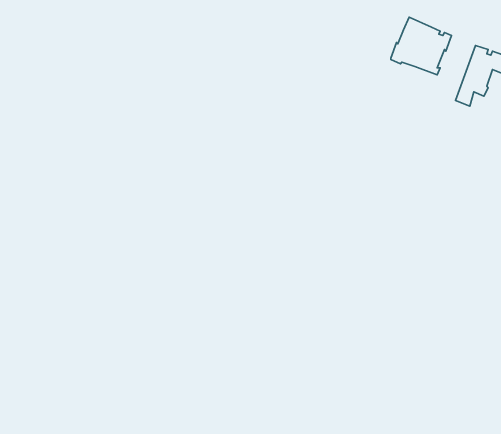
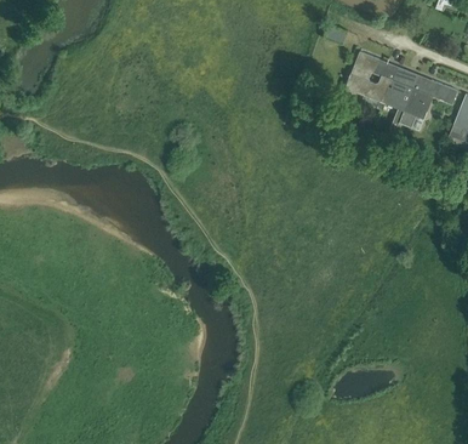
building: none -> [383,67,416,133]

